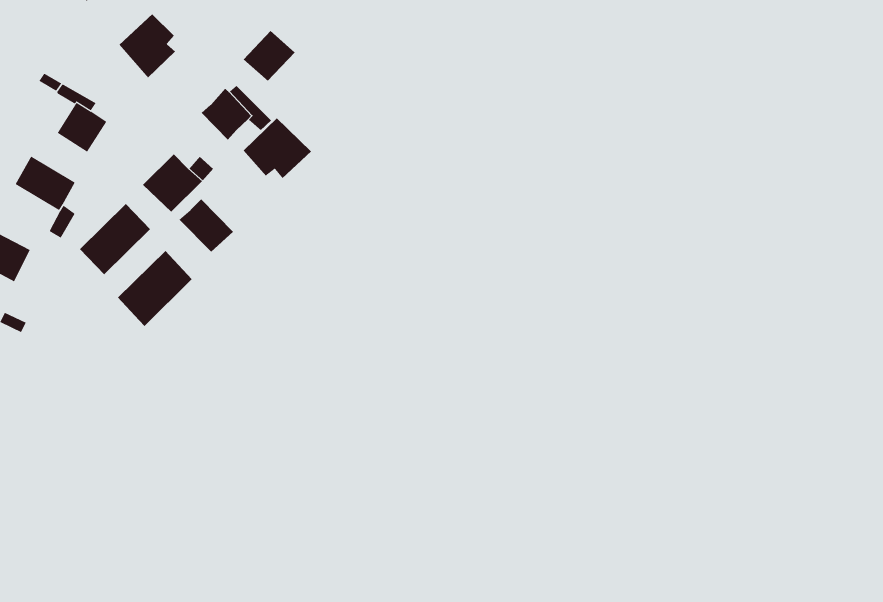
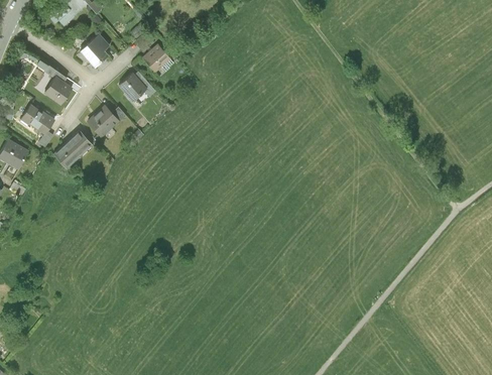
building: [243,118,312,179] -> none
building: [178,199,234,253] -> none
building: [117,250,193,327] -> none

